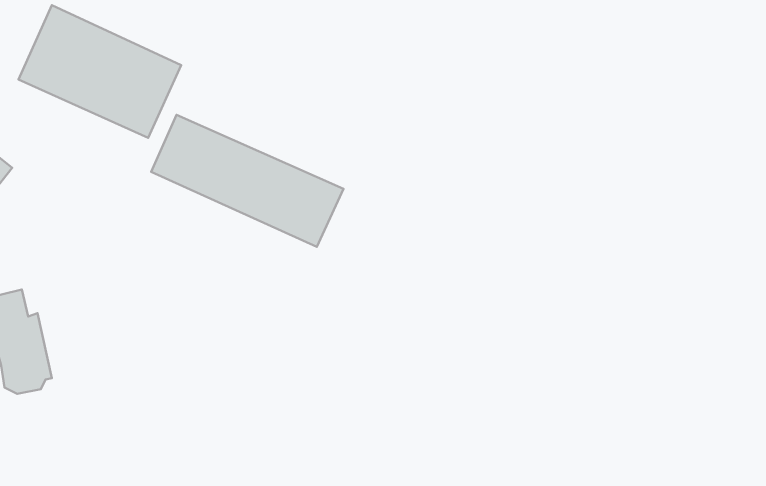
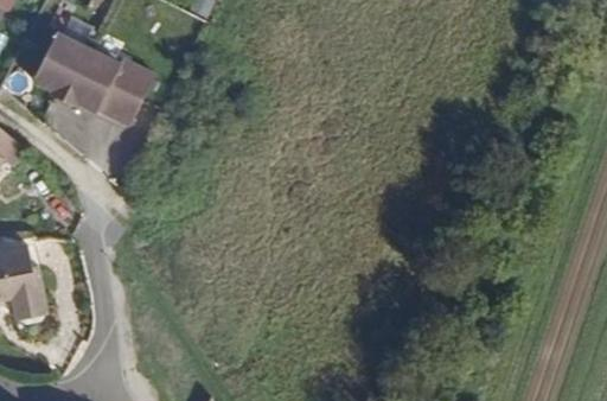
building: [151,115,343,247] -> none

